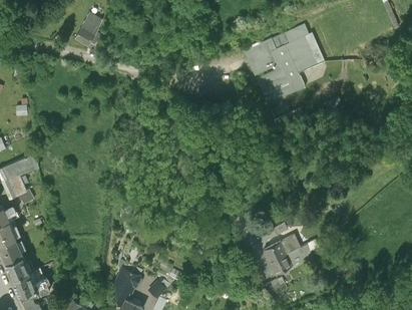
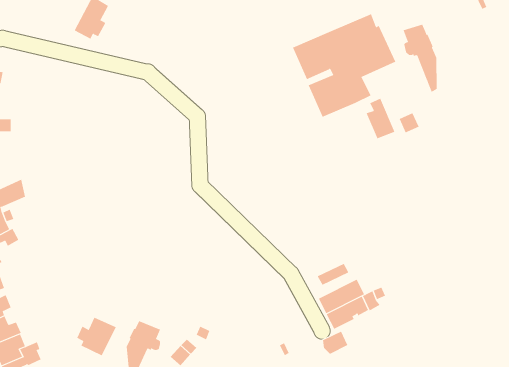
building: none -> [403,24,437,93]
building: none -> [366,98,395,139]
building: none -> [76,317,117,356]

